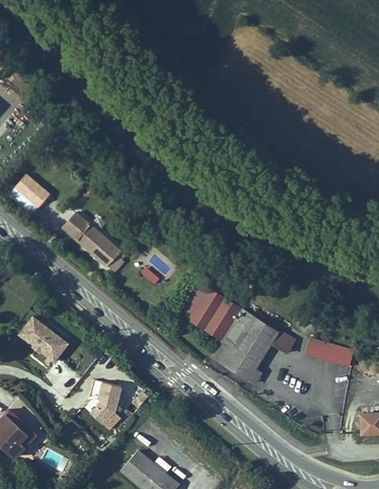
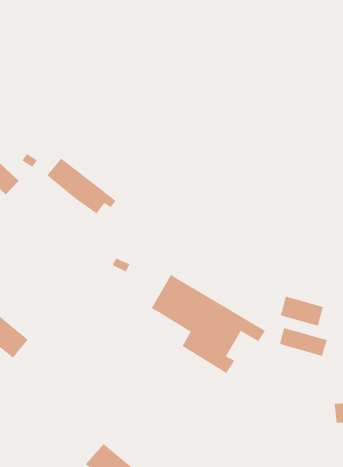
building: [64,211,133,267] -> [46,158,116,214]
building: none -> [280,296,323,326]
building: [88,386,119,430] -> none

